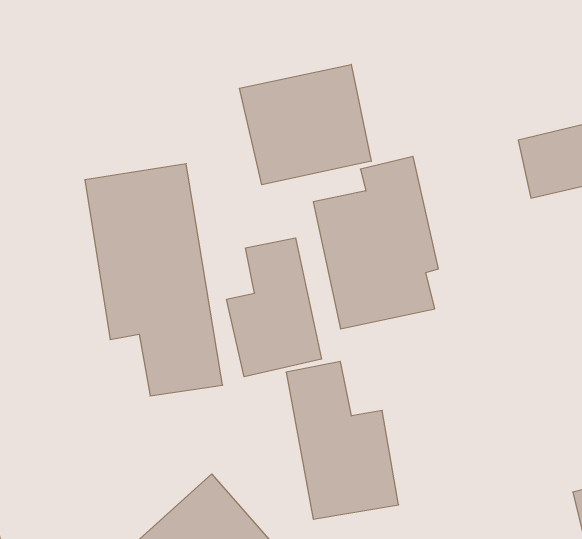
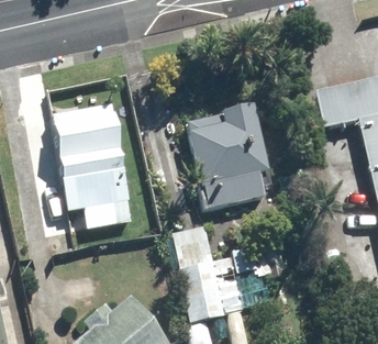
building: [240,64,371,185] -> none
building: [227,238,322,377] -> none

